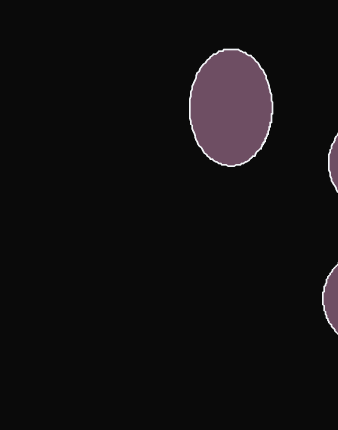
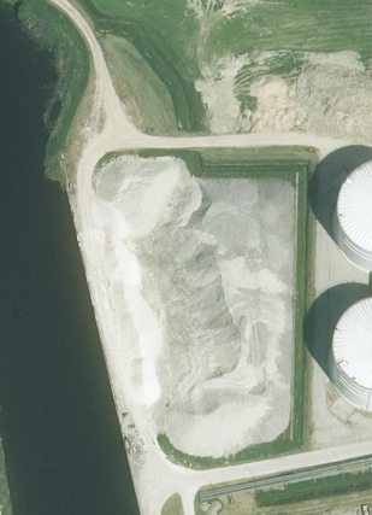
building: [190,50,272,166] -> none

